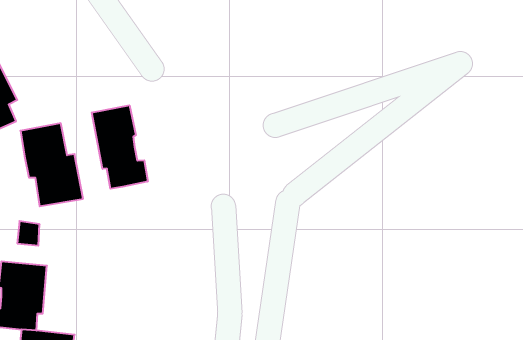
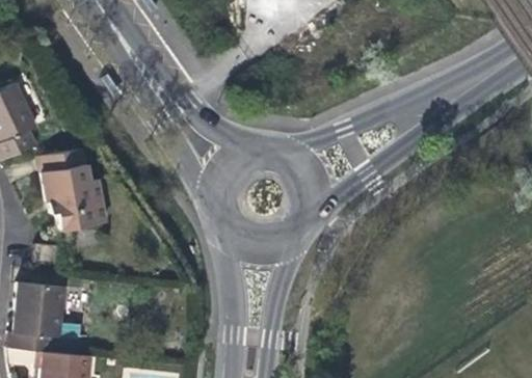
building: [92,105,148,189] -> none

